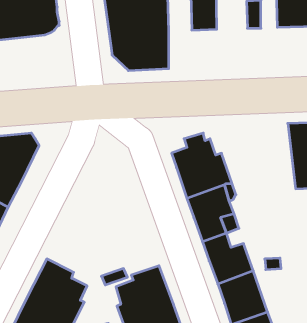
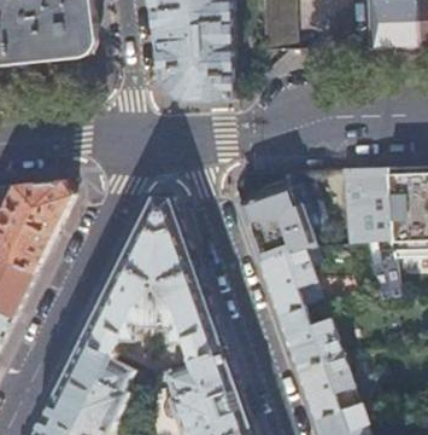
building: none -> [340,166,399,301]
building: none -> [81,195,222,355]

